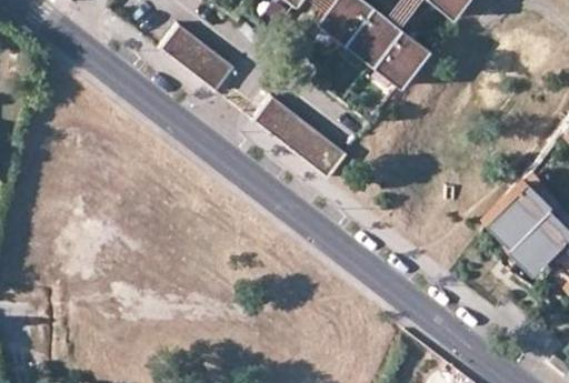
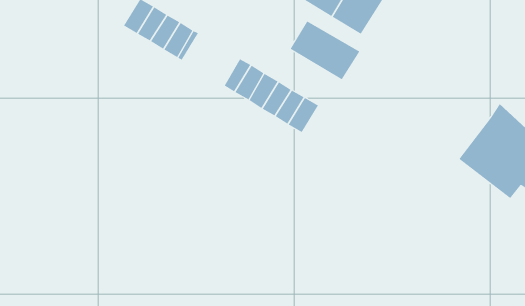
building: none -> [290,21,360,80]

